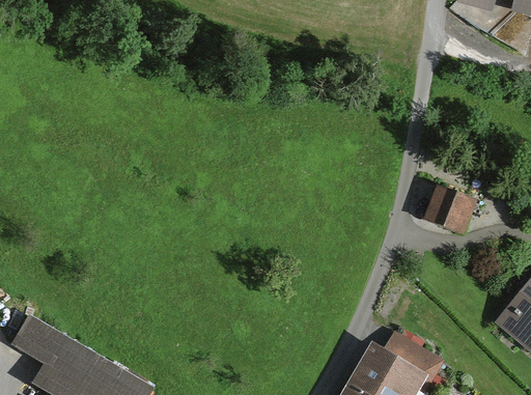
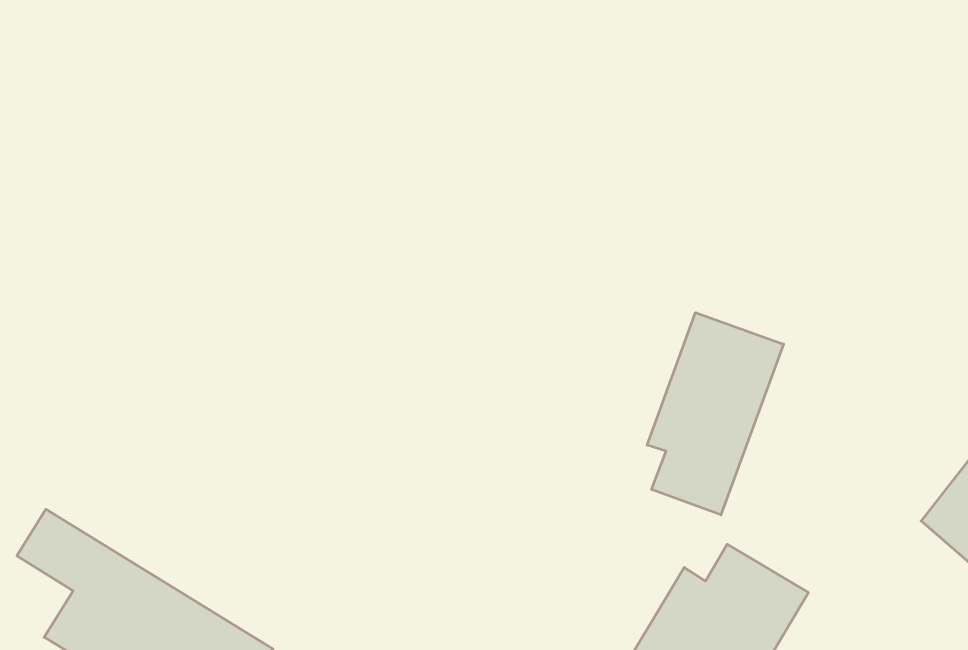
building: [425,187,474,231] -> none
building: none -> [647,313,784,515]

